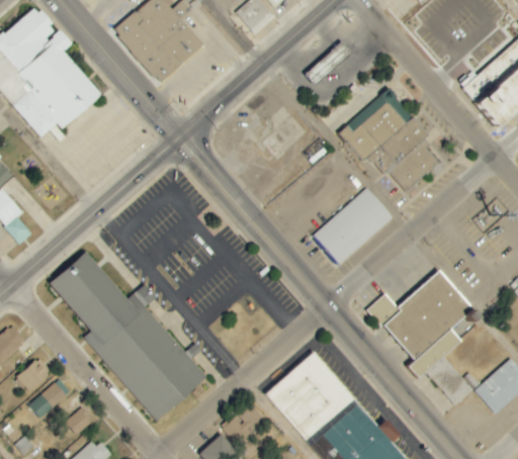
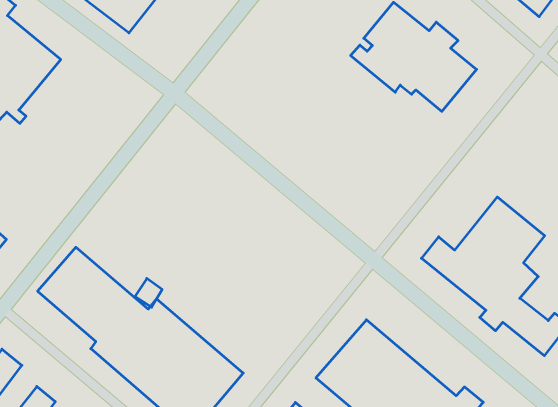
building: [313,187,394,265] -> none

